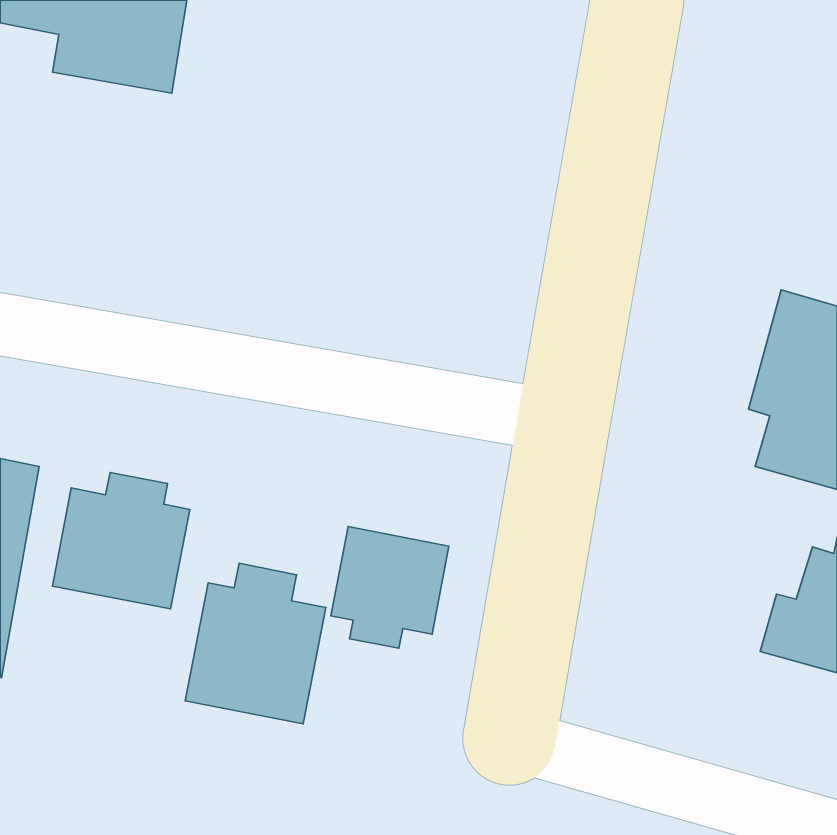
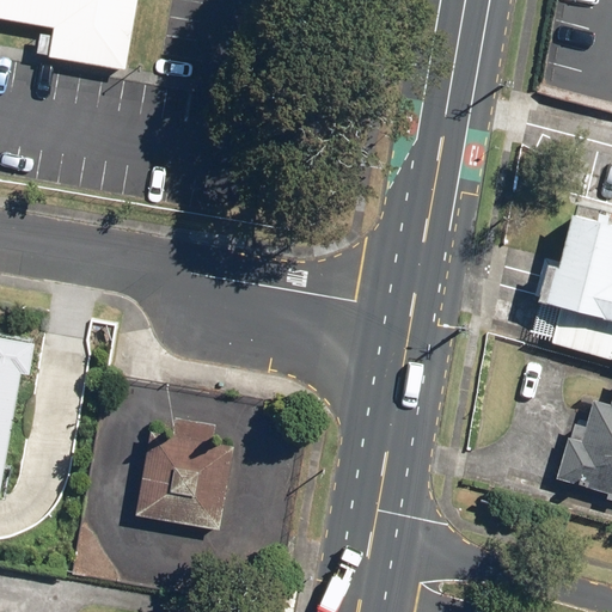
building: [52,473,190,609] -> none
building: [331,527,449,648] -> none

